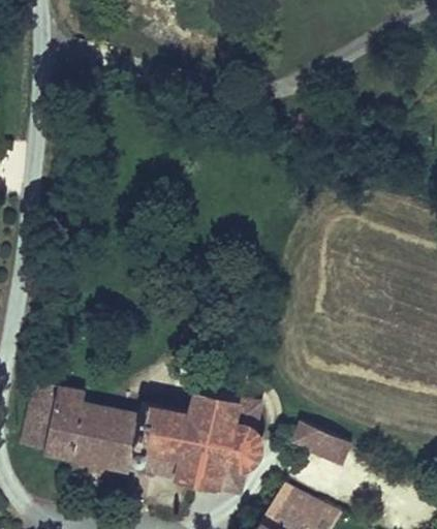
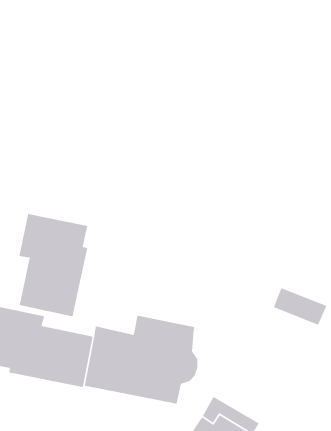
building: none -> [19,213,88,317]
building: [290,422,354,467] -> [273,287,327,326]

